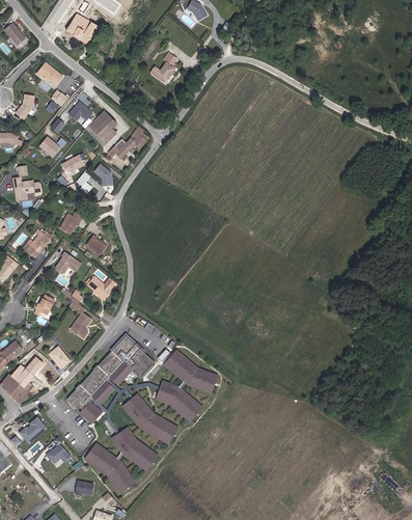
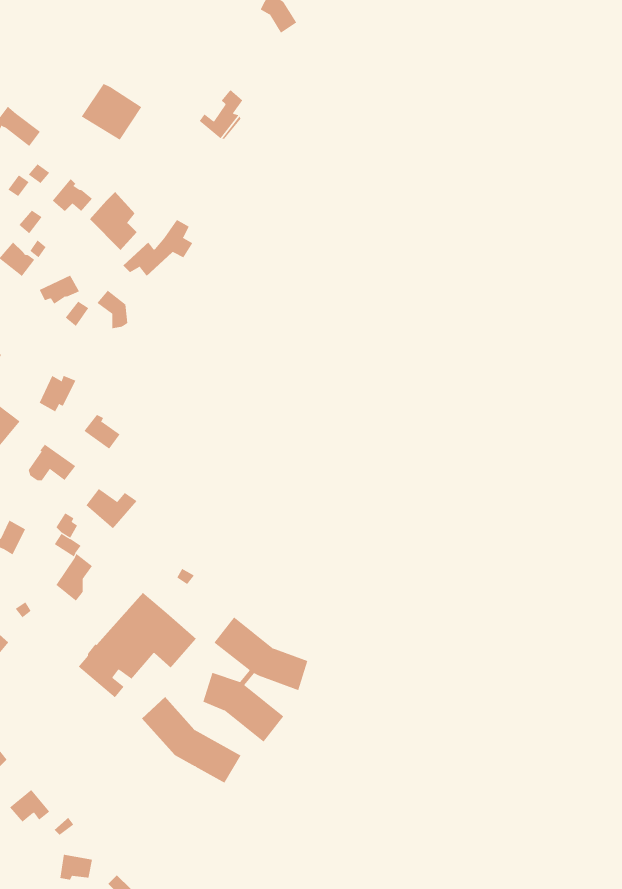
building: [65,12,100,45] -> [81,83,142,141]
building: [63,376,105,422] -> none
building: [83,427,156,491] -> none

